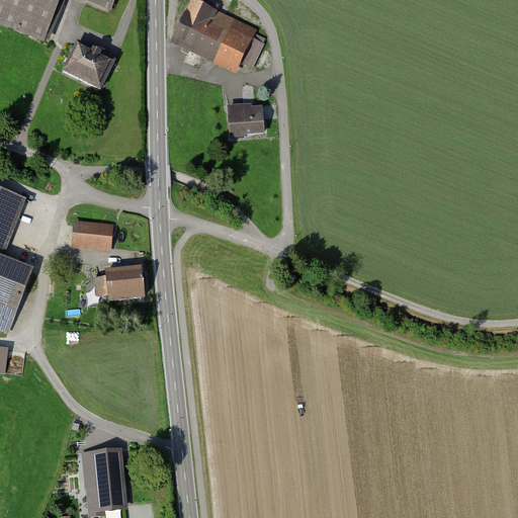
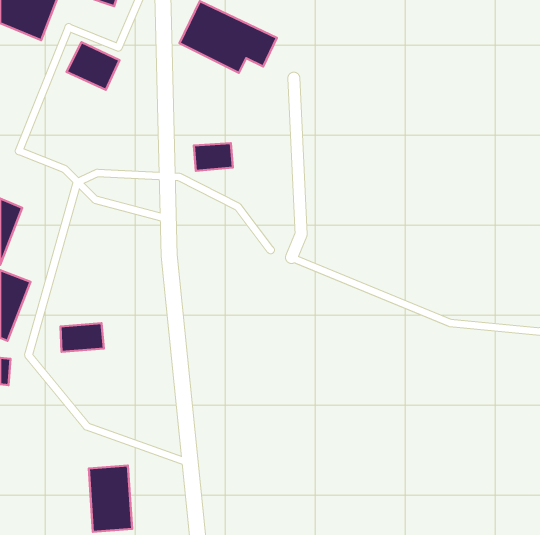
building: [228,109,265,136] -> [194,143,233,171]
building: [74,223,114,245] -> none
building: [104,270,146,297] -> [60,323,104,352]

